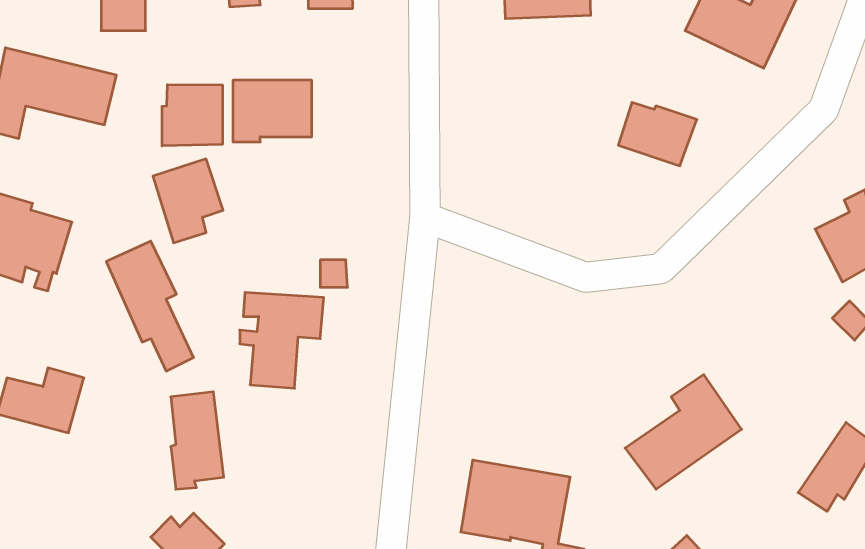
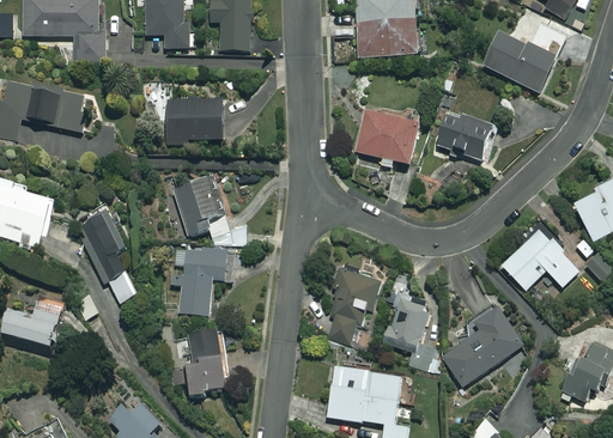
building: [162,85,222,146] -> none
building: none -> [354,110,419,166]
building: [153,159,223,243] -> [172,177,221,236]
building: none -> [500,226,579,290]
building: none -> [327,268,380,343]
building: none -> [383,290,437,370]
building: [171,392,224,489] -> [187,327,224,395]

